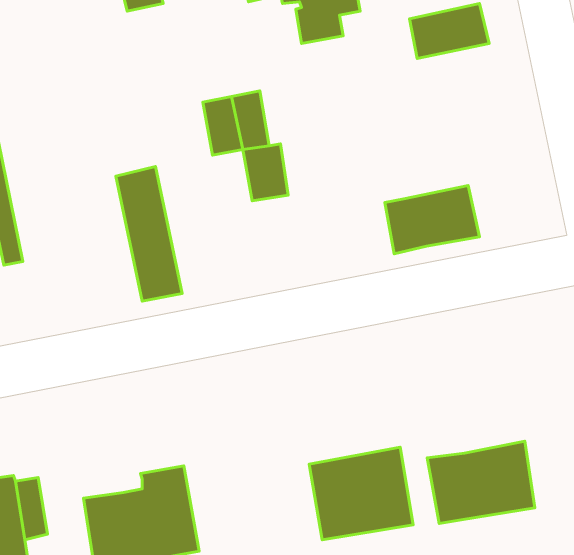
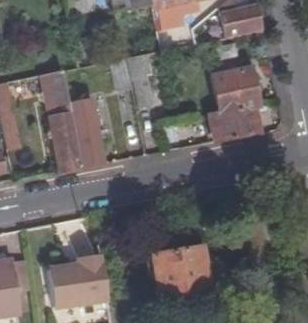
building: none -> [210,68,257,113]
building: none -> [40,72,79,171]
building: [427,441,535,524] -> none

